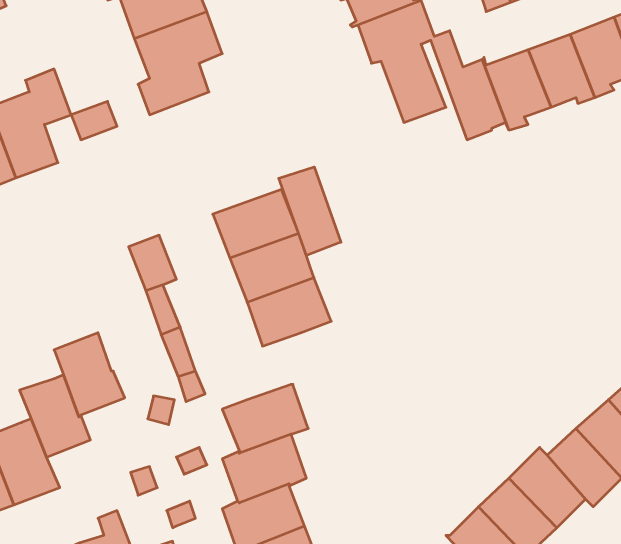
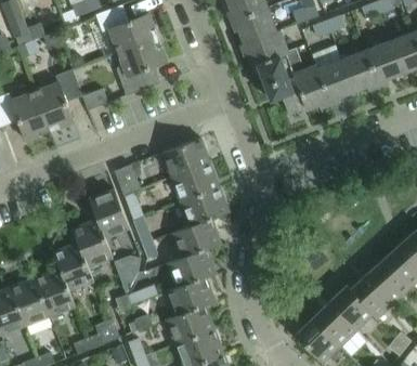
building: [279,167,341,255] -> none
building: none -> [89,189,130,241]
building: none -> [171,220,220,258]

